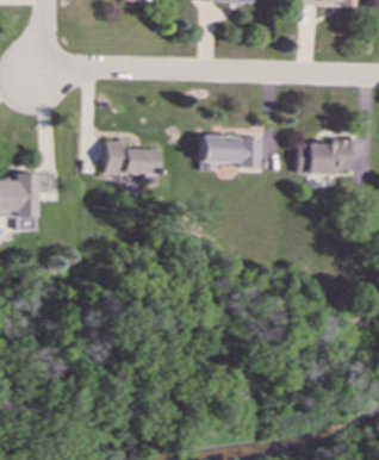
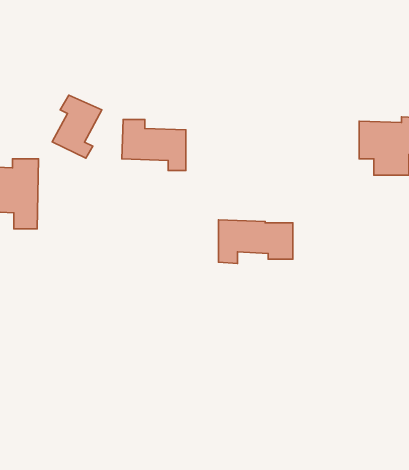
building: none -> [52,95,102,158]
building: [200,135,261,170] -> [219,220,293,264]

